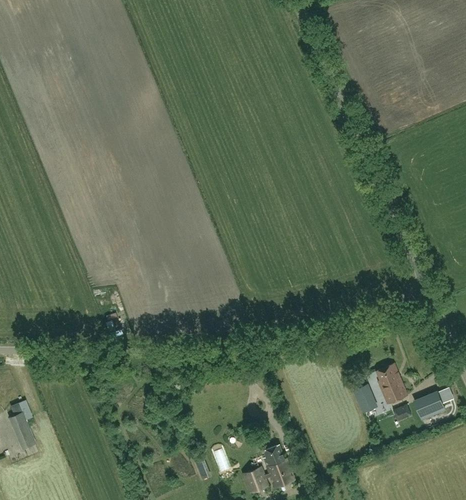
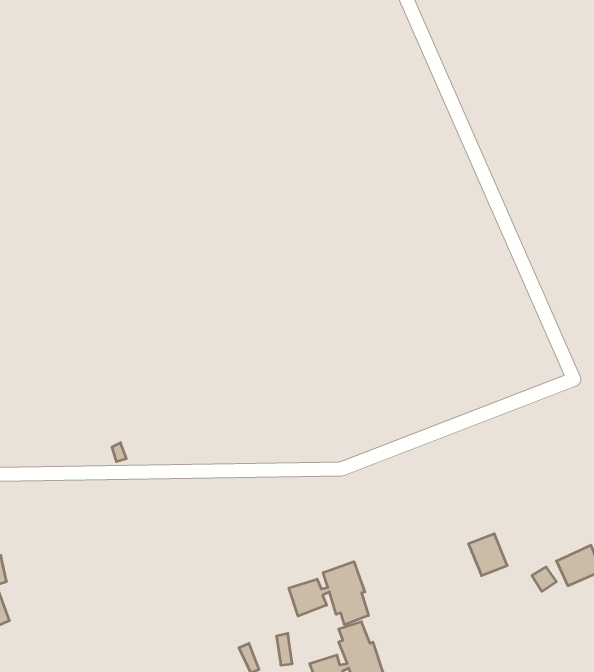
building: [375,364,406,404] -> none
building: none -> [289,562,368,625]

